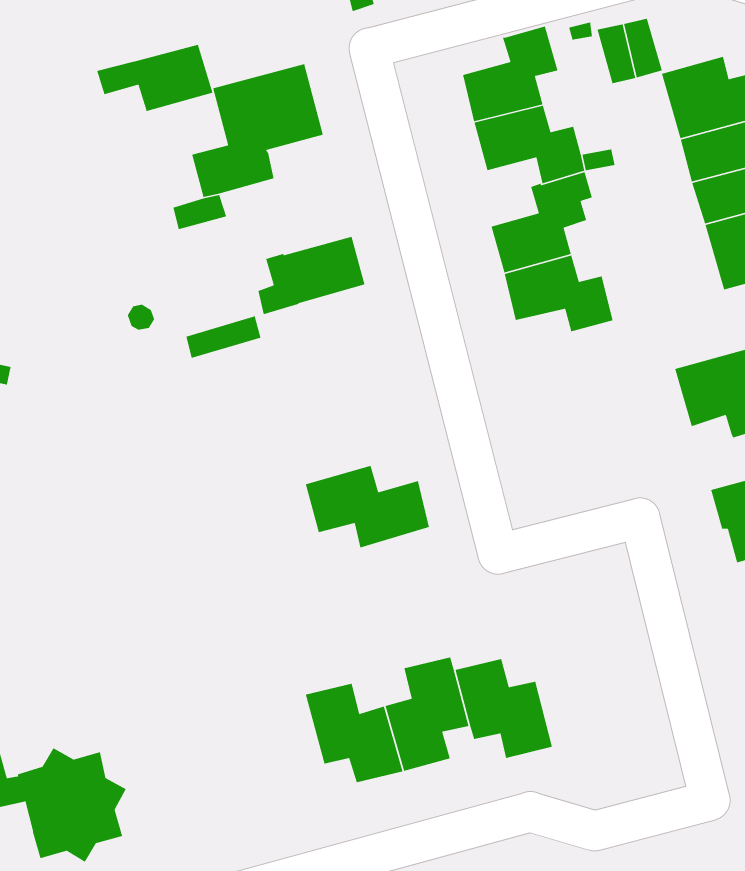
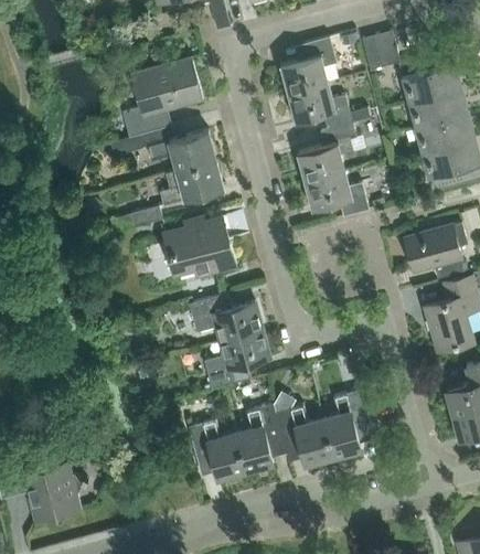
building: [96,44,214,112] -> [148,131,216,171]
building: none -> [167,216,235,275]
building: none -> [204,330,269,390]
building: none -> [323,391,372,458]

